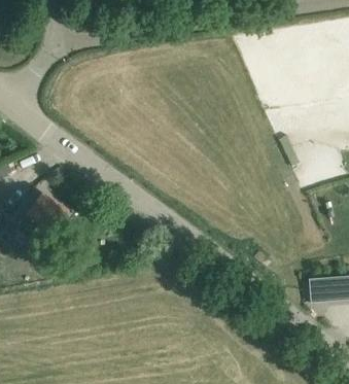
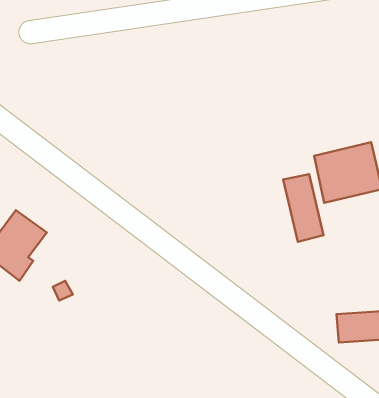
building: none -> [283,174,324,242]

